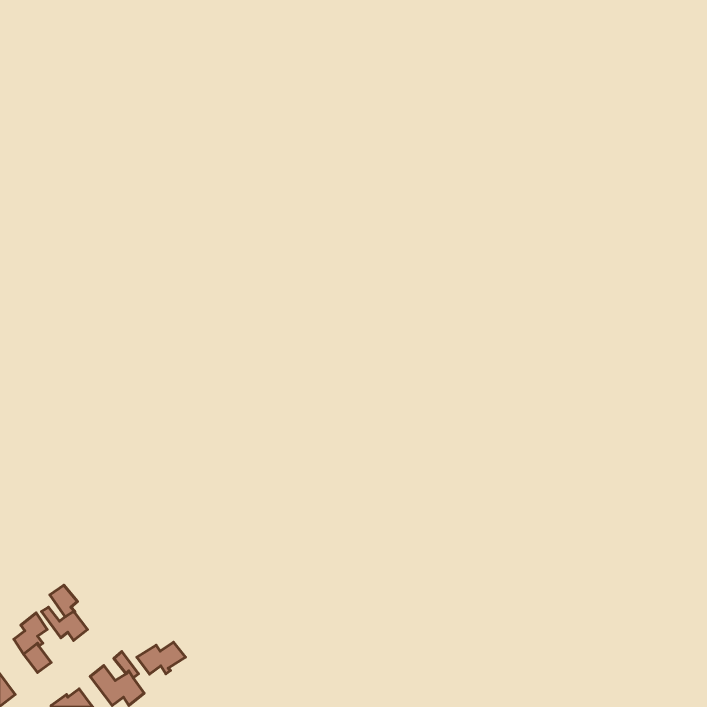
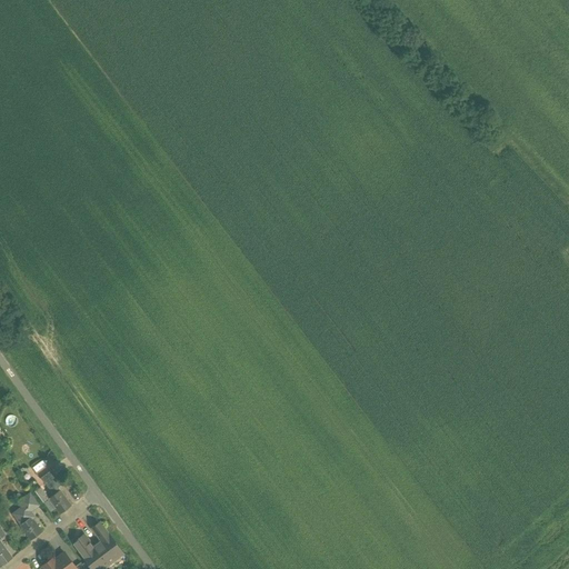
building: [137,642,185,674] -> none

